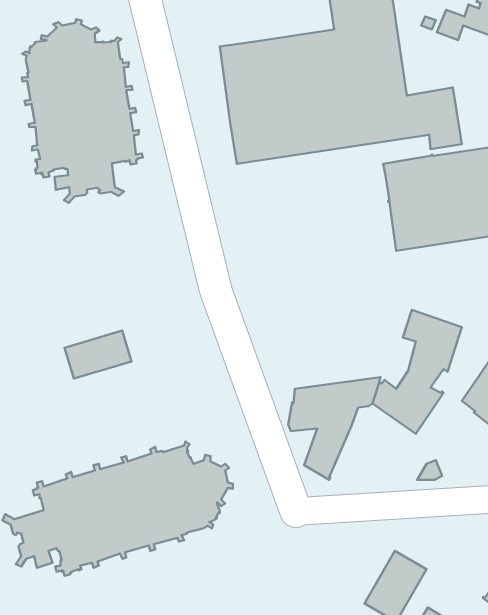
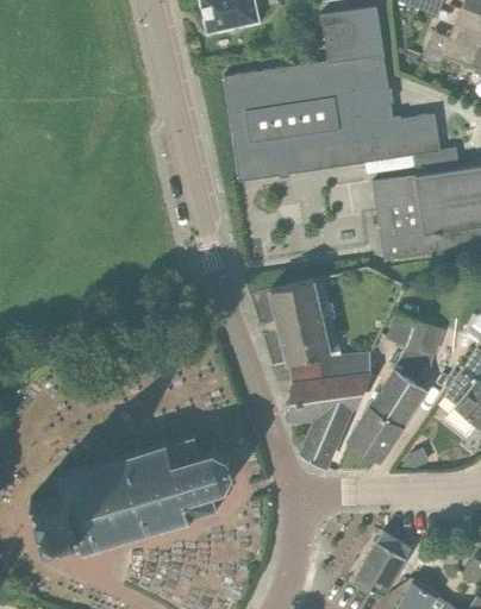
building: [22,19,143,203] -> none
building: none -> [270,277,369,385]
building: [65,331,132,379] -> none
building: none -> [349,416,394,460]

